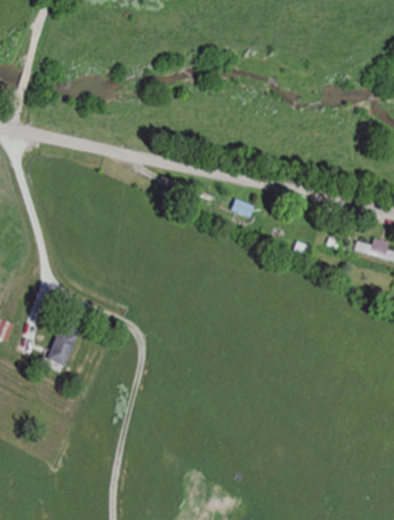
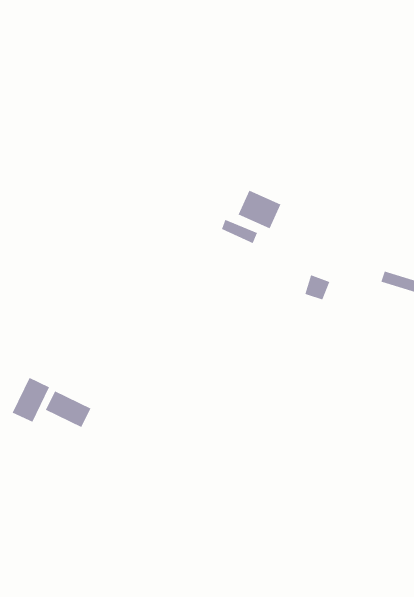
building: none -> [238,190,281,229]
building: none -> [45,390,91,428]

